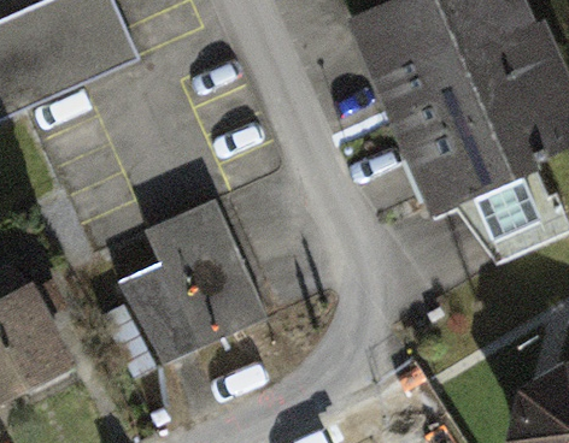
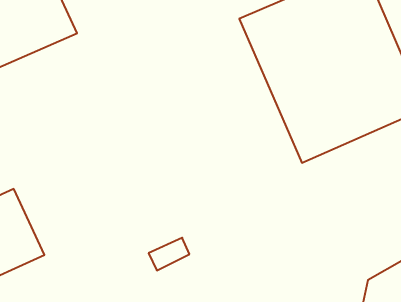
building: [121,195,269,362] -> none

